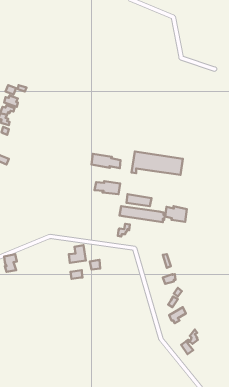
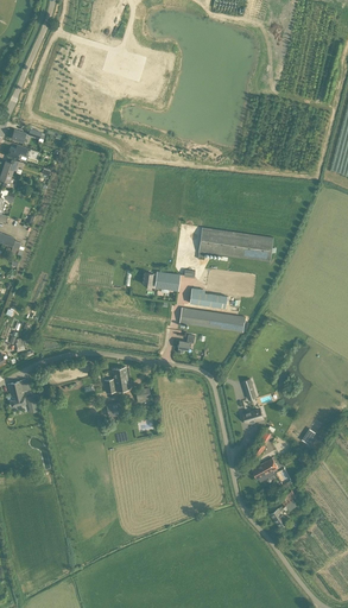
building: [91,154,120,168] -> none
building: [165,206,187,222] -> none

